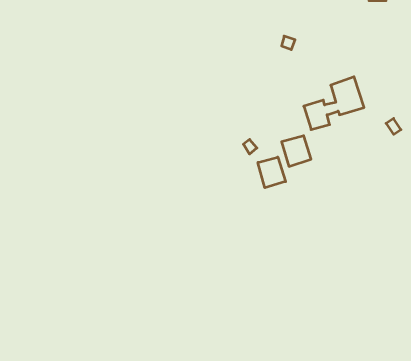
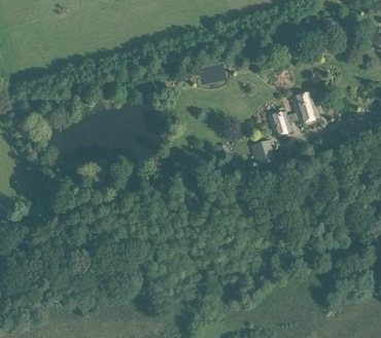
building: [258,157,286,188] -> none

